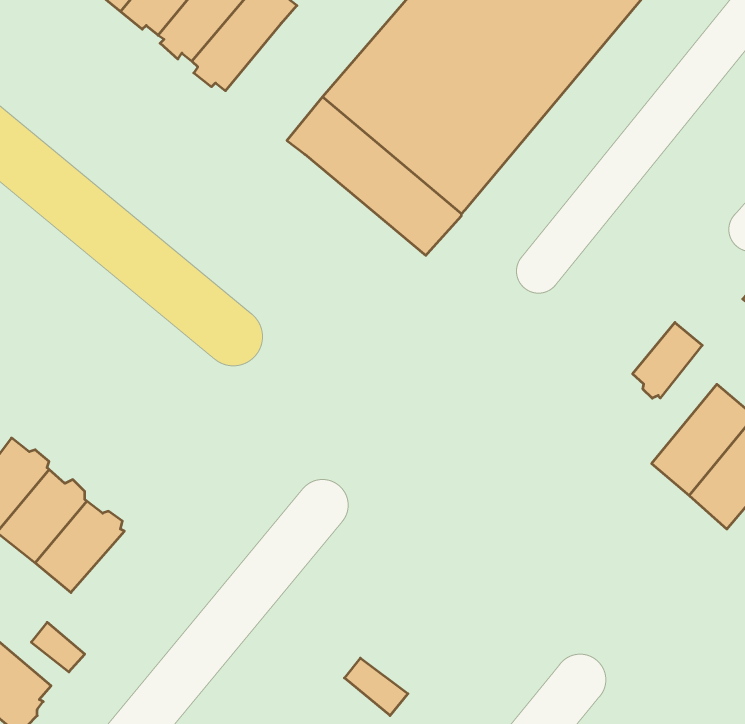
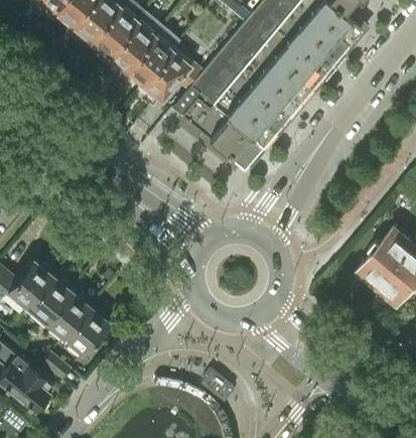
building: none -> [143,49,202,100]
building: [633,322,702,398] -> none
building: none -> [64,307,110,354]

